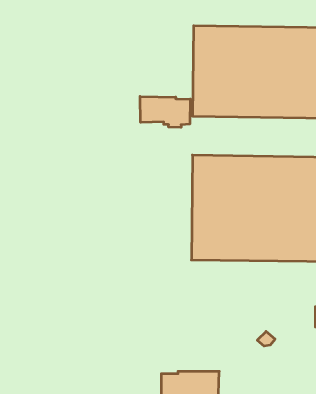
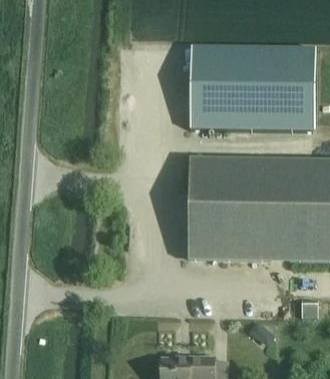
building: [140,96,190,127] -> none

